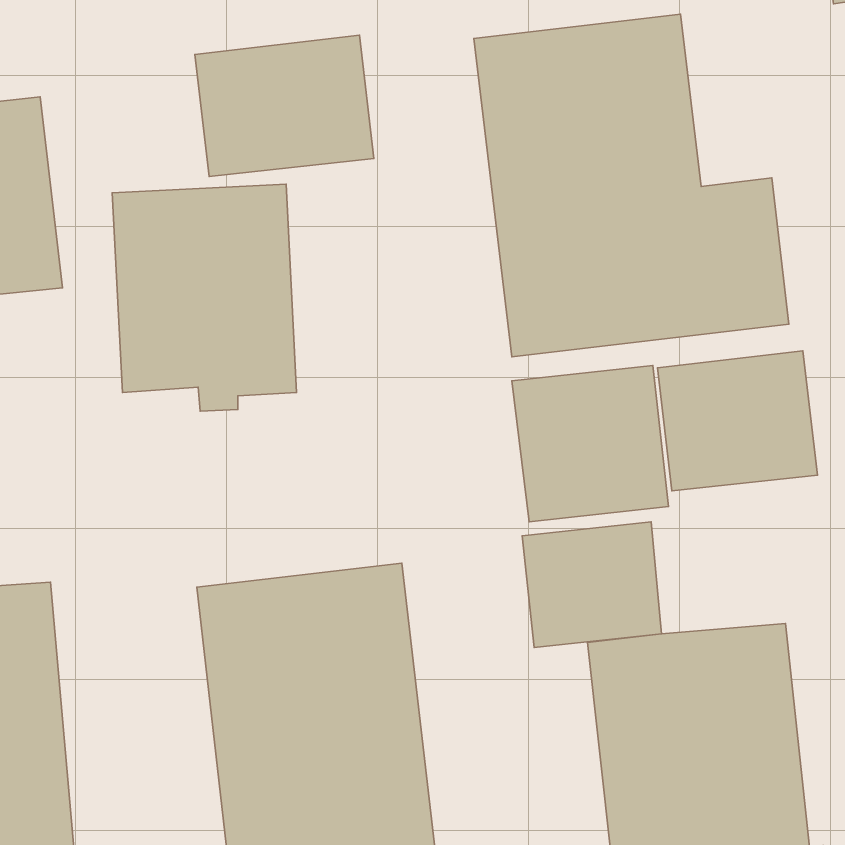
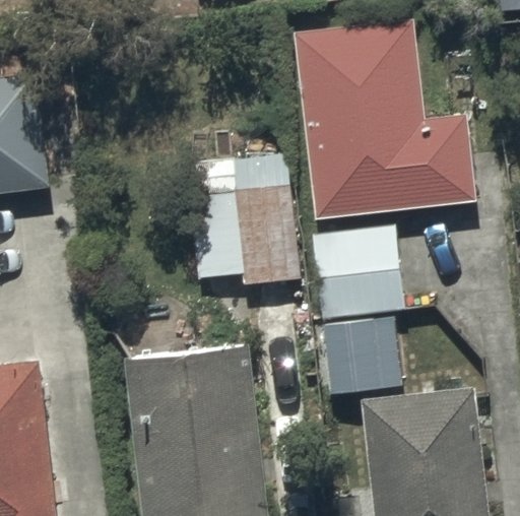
building: [195,35,374,176] -> none
building: [112,184,296,411] -> [189,151,298,285]
building: [658,351,818,491] -> none

